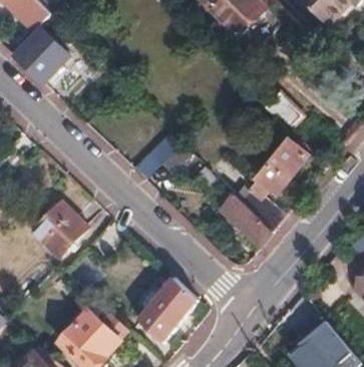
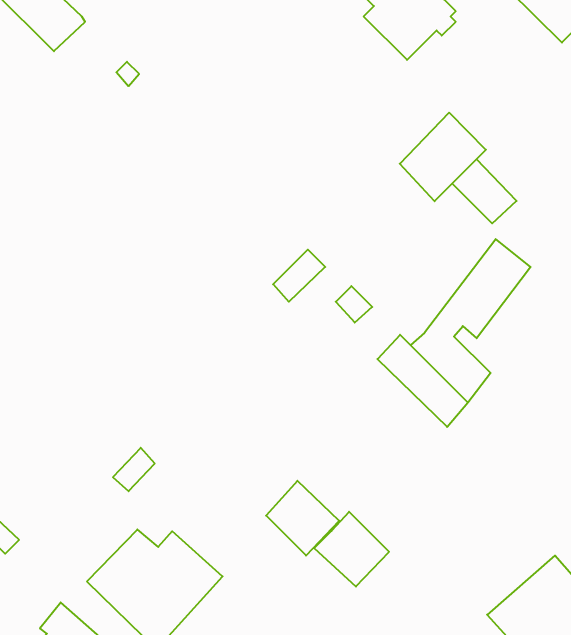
building: [14,28,70,83] -> none
building: none -> [400,113,486,201]
building: [31,201,87,257] -> none
building: [135,298,178,341] -> [314,512,389,587]

